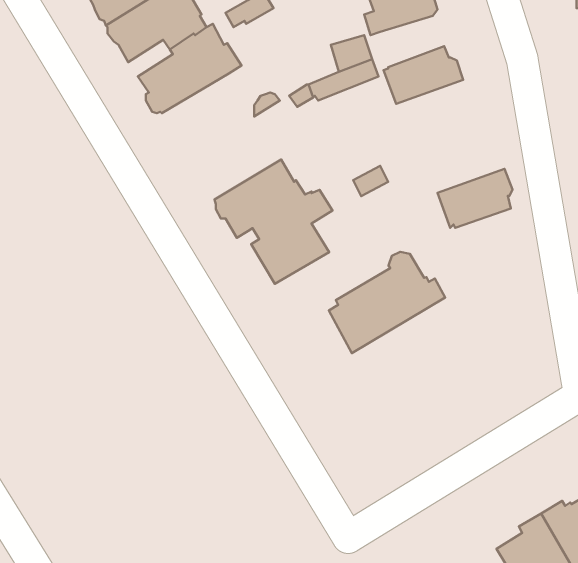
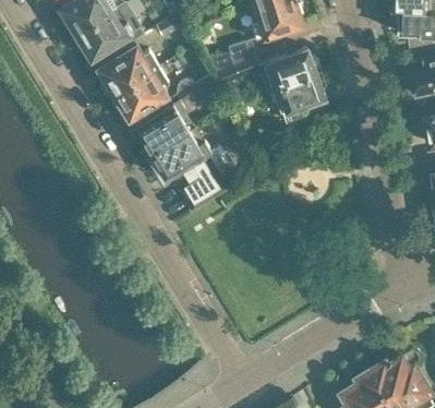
building: none -> [110,68,168,122]
building: none -> [132,101,193,154]
building: [438,169,513,228] -> [271,72,323,112]
building: [329,252,445,353] -> none

